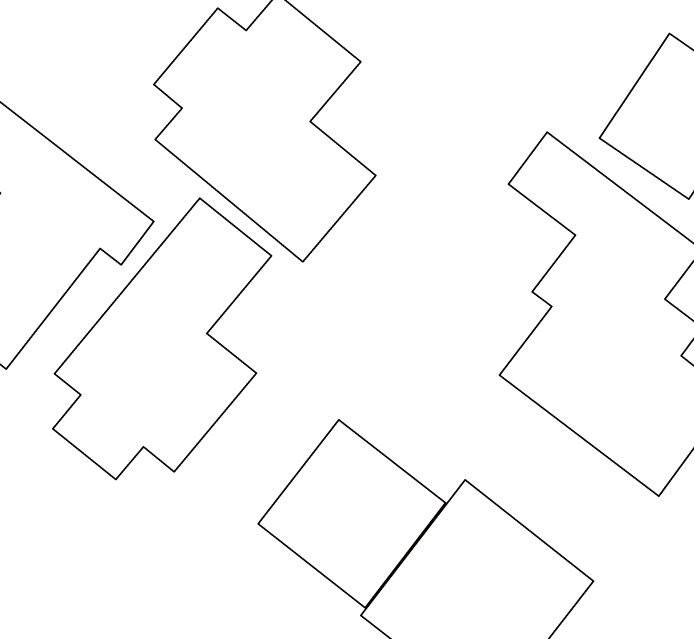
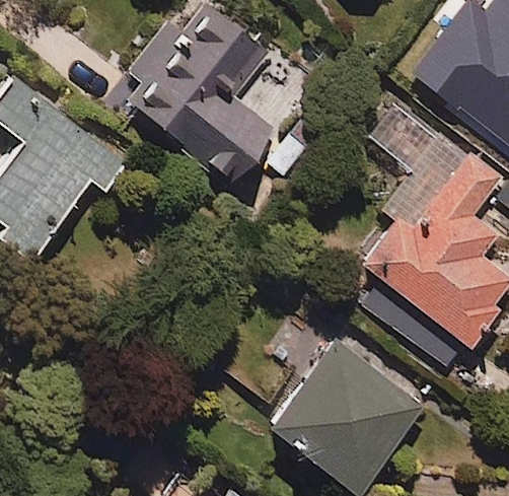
building: [53,198,272,480] -> none
building: [258,420,446,608] -> none

